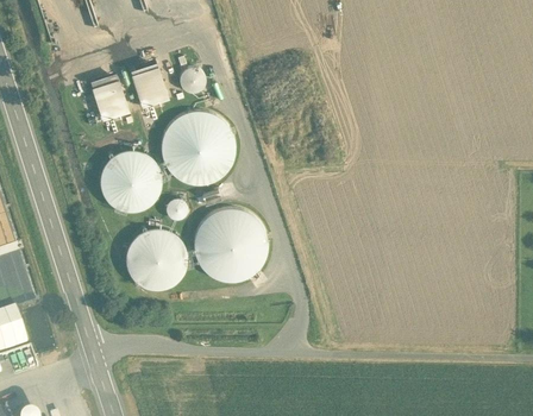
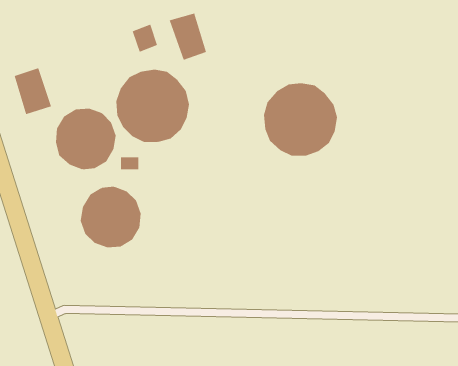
building: [130,61,168,108] -> [169,13,207,60]
building: [90,74,128,121] -> [14,67,52,115]
building: [194,208,269,282] -> [263,83,338,156]

